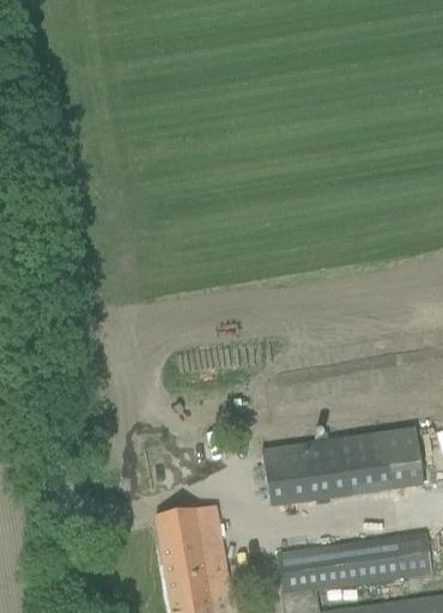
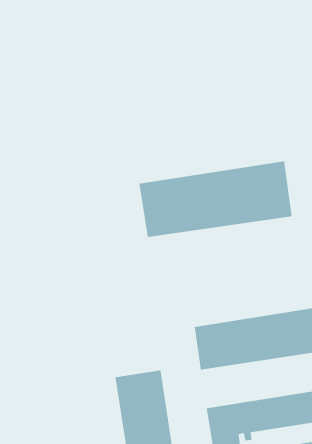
building: none -> [139,161,293,238]

